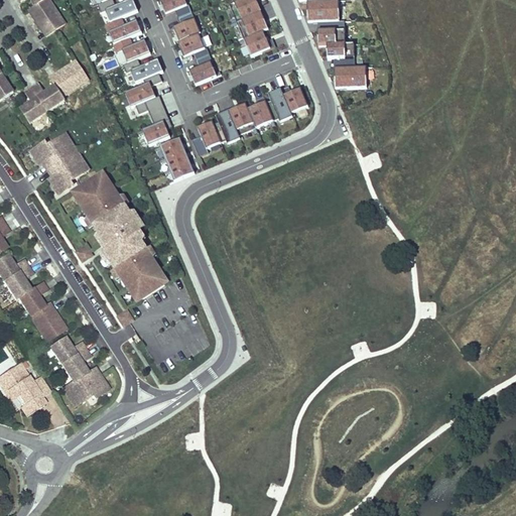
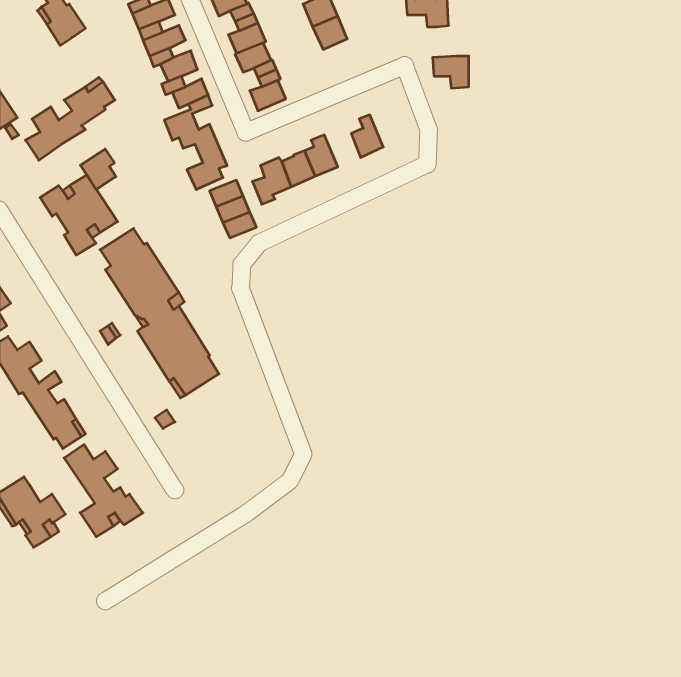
building: [317,19,345,43] -> none
building: [244,29,275,54] -> none
building: [334,66,366,87] -> none
building: [279,84,306,111] -> none
building: [247,94,272,126] -> none
building: none -> [80,149,116,189]

